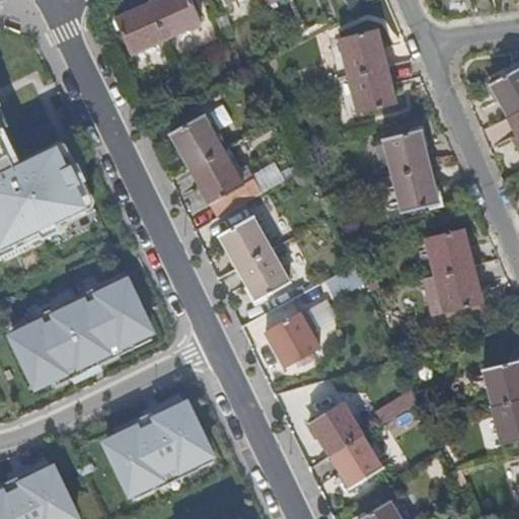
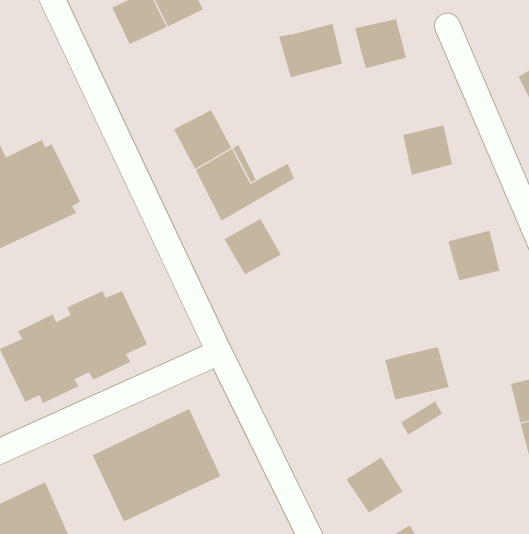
building: [337,68,396,119] -> [278,23,343,78]
building: [391,166,439,214] -> none
building: [237,249,291,303] -> none
building: [424,265,484,314] -> [385,346,449,400]
building: [266,312,319,367] -> none
building: [308,399,364,457] -> none

